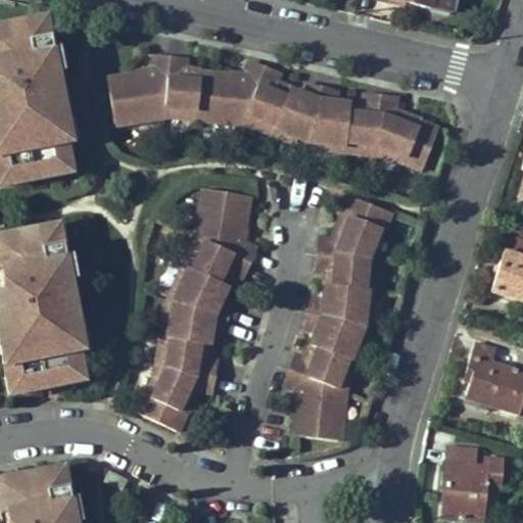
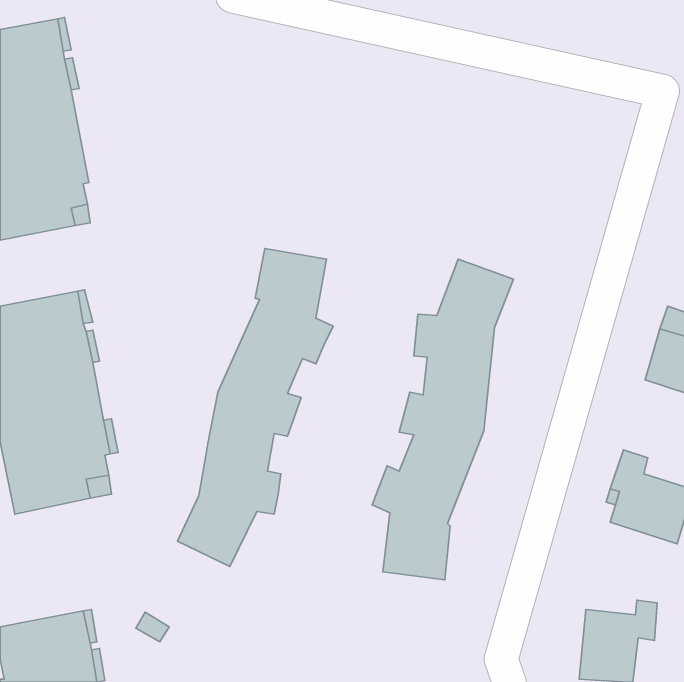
building: [109,54,439,169] -> none

